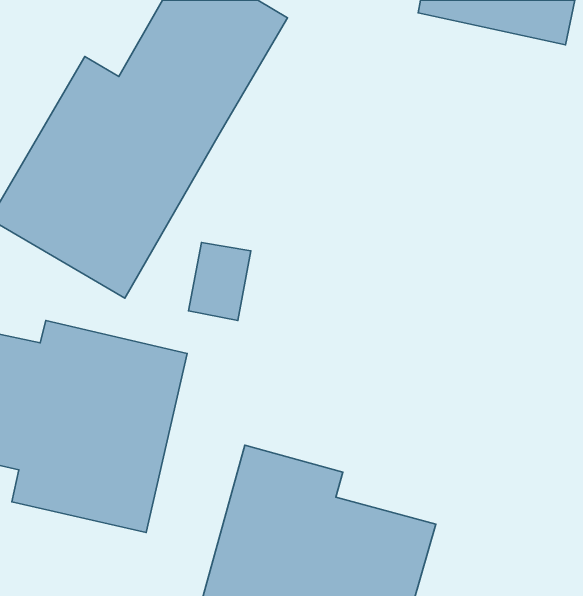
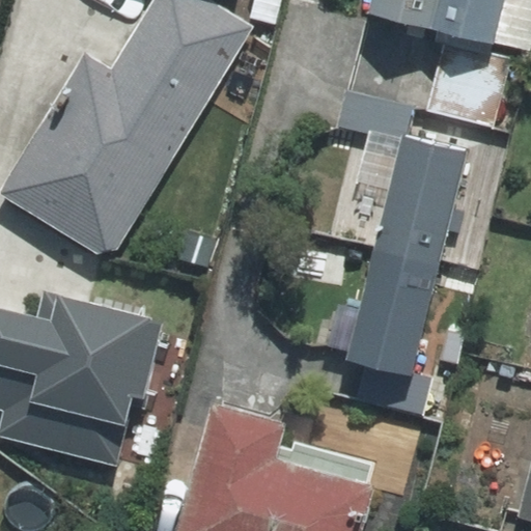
building: none -> [320,132,467,371]

